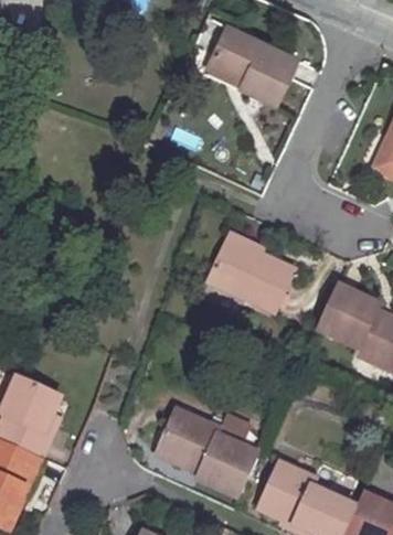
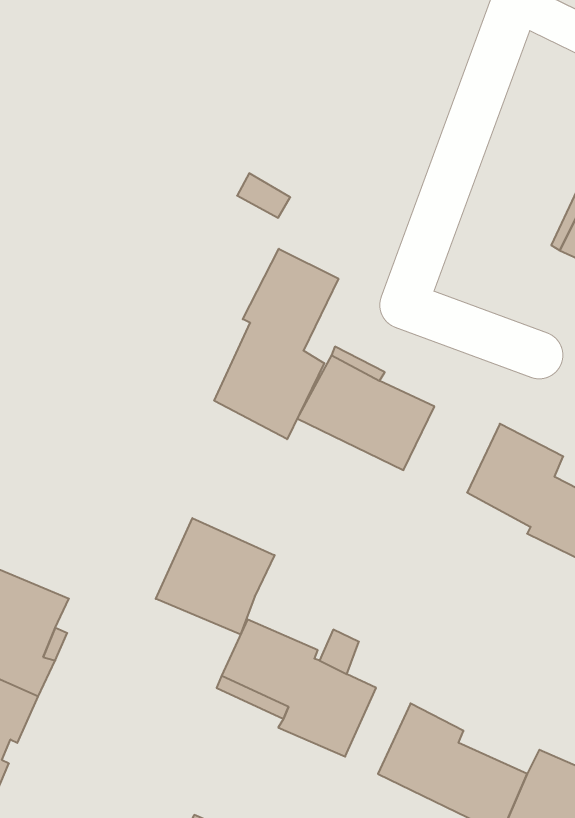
building: [210,22,296,101] -> none
building: none -> [214,249,338,439]
building: none -> [156,518,275,635]

